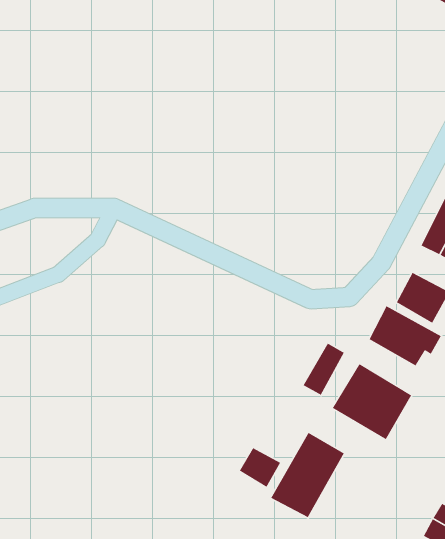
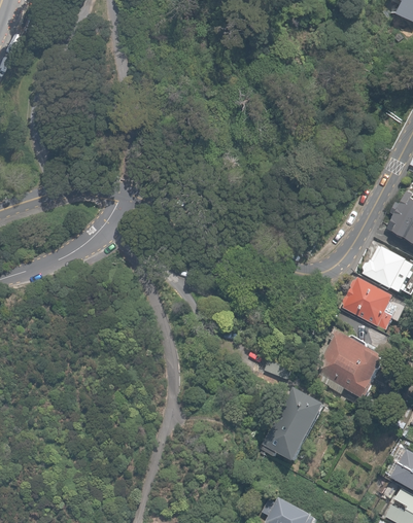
building: [302,342,345,396] -> none
building: [239,447,281,488] -> none

